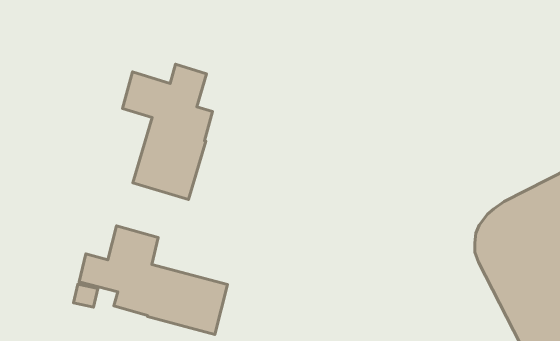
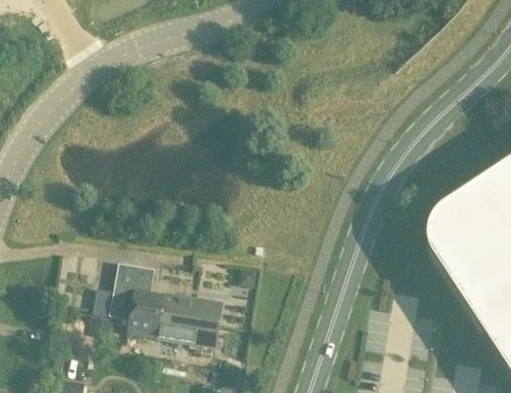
building: [122,64,212,200] -> none

